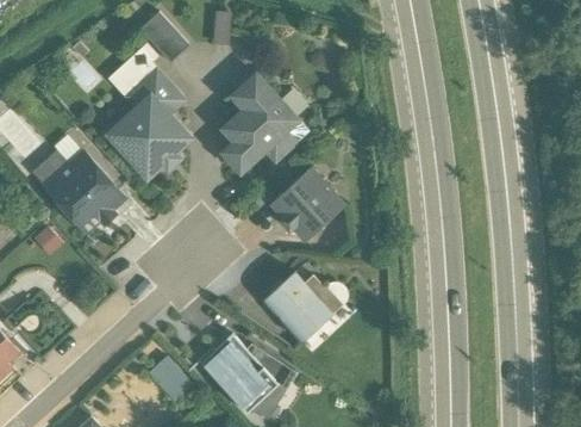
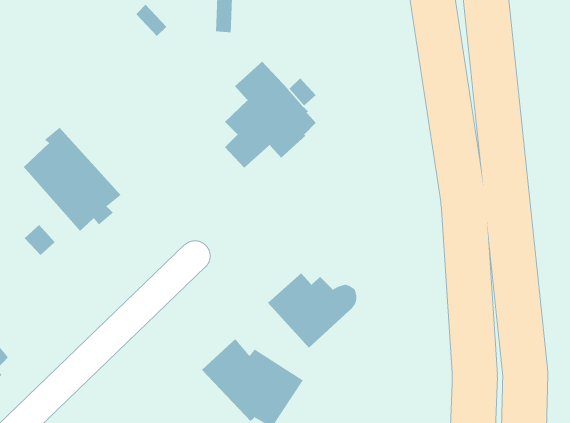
building: [105,44,190,180] -> none
building: [274,169,344,239] -> none
building: [149,358,190,401] -> none

